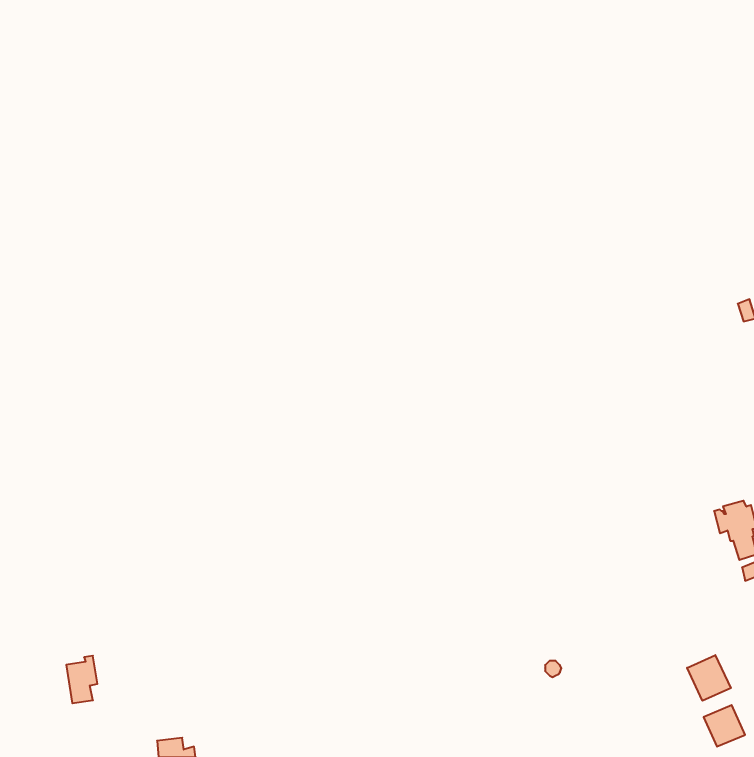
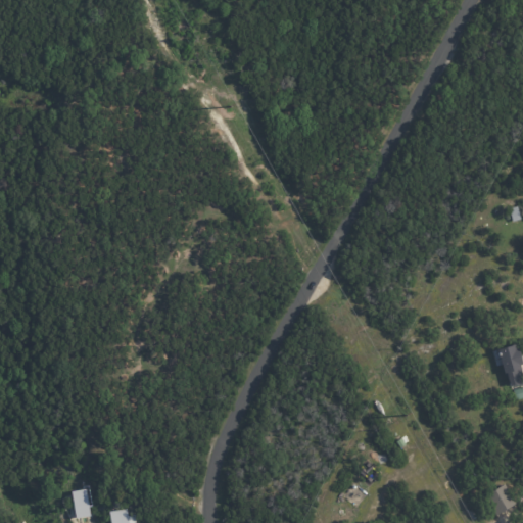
building: [687,655,731,701] -> none
building: [66,656,97,703] -> [73,485,94,518]

